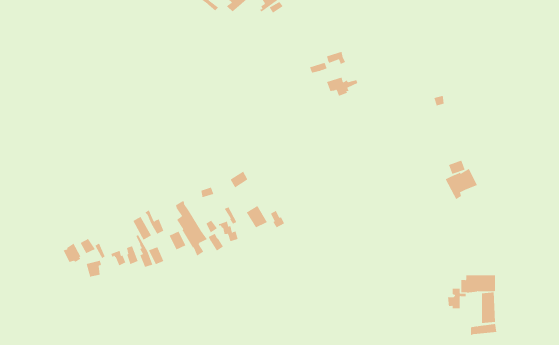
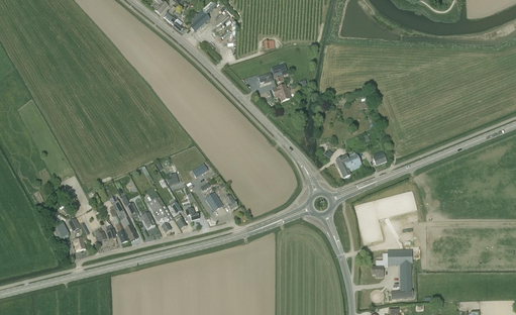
building: [445,168,478,200] -> [334,151,362,178]

